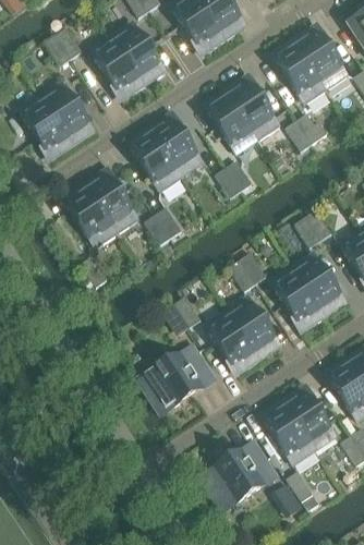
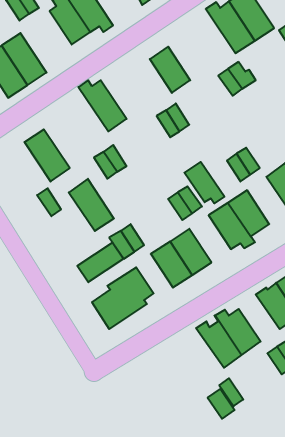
building: [229,81,276,140] -> none
building: [148,118,204,177] -> none
building: [88,173,139,232] -> [69,179,114,231]
building: none -> [184,162,224,203]
building: none -> [77,242,124,282]
building: [202,445,277,506] -> none

